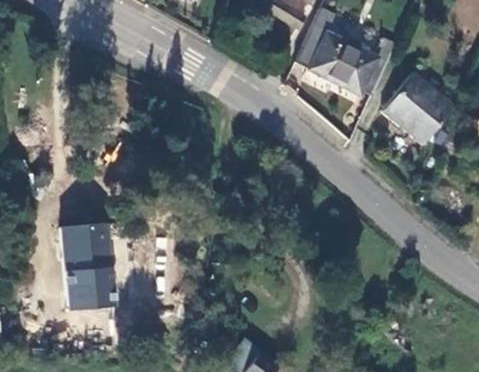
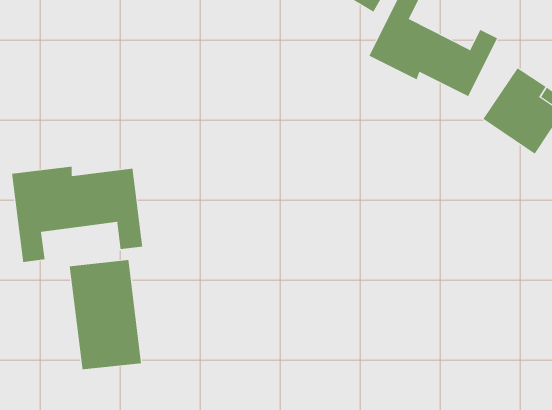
building: none -> [12,166,143,263]

